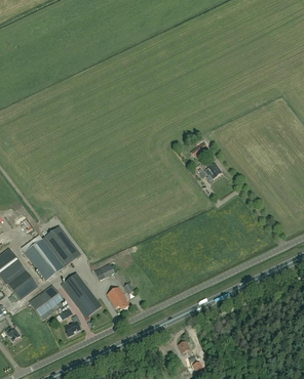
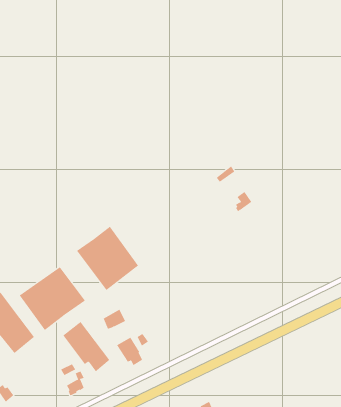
building: none -> [76,226,139,291]
building: [29,284,65,320] -> none

